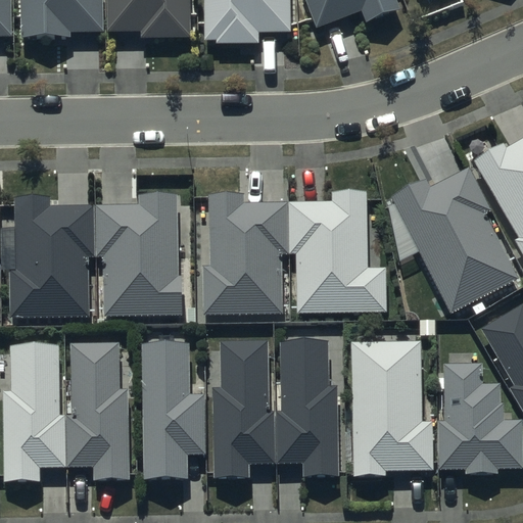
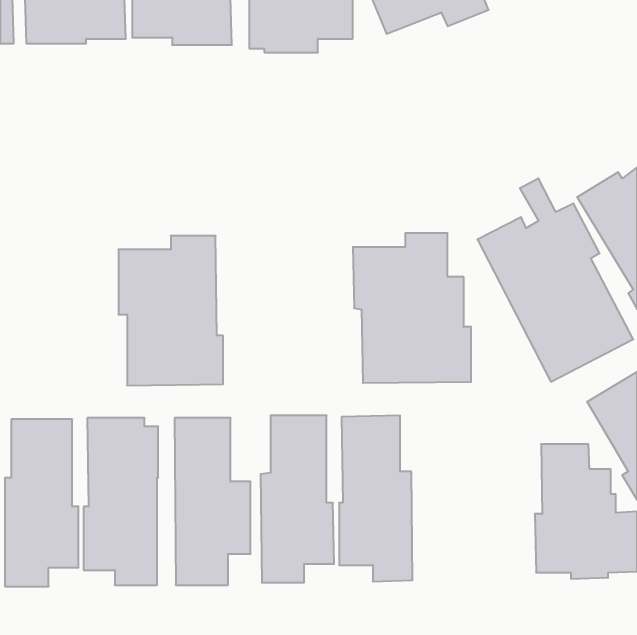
building: [204,194,287,314] -> none
building: [11,196,93,316] -> none
building: [350,341,434,476] -> none

